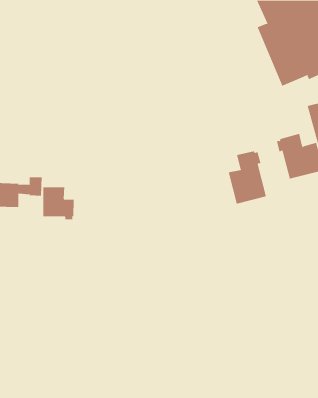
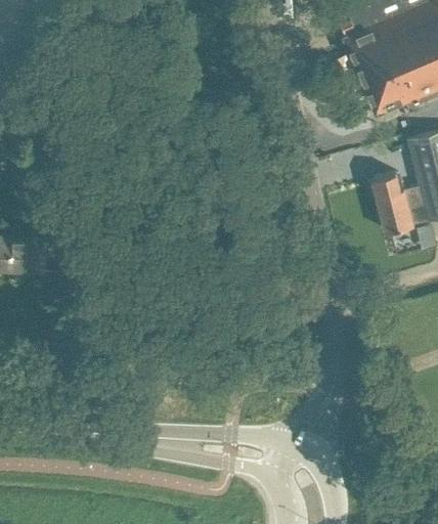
building: [228,151,267,205] -> none
building: [43,187,74,220] -> none

